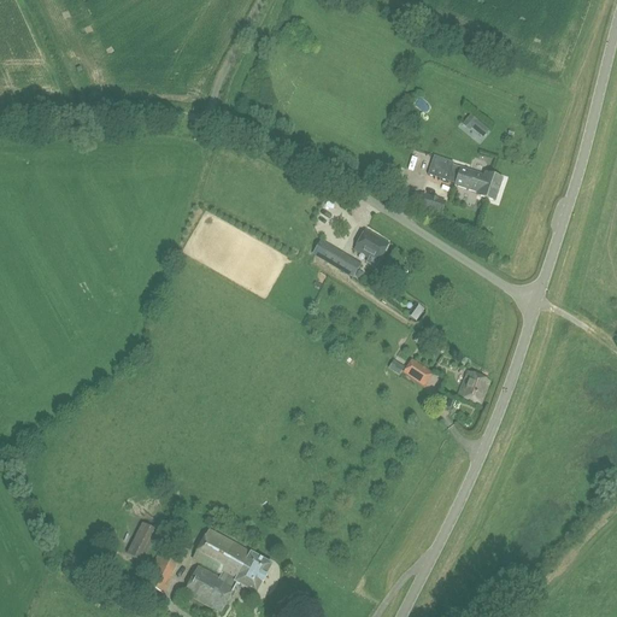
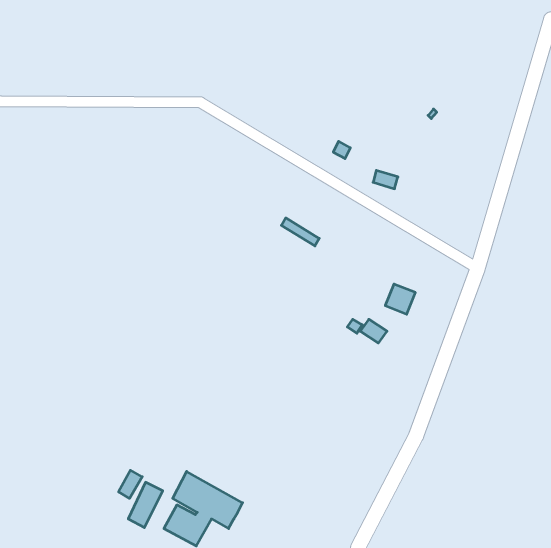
building: [427,153,503,199] -> none
building: [353,227,388,264] -> none
building: [457,369,490,402] -> [385,284,415,314]

